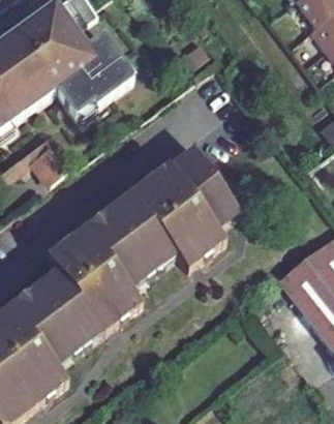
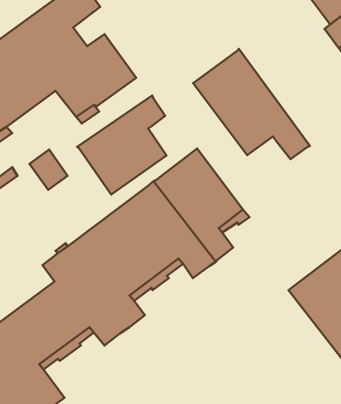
building: none -> [193,49,310,159]
building: none -> [77,96,167,195]

